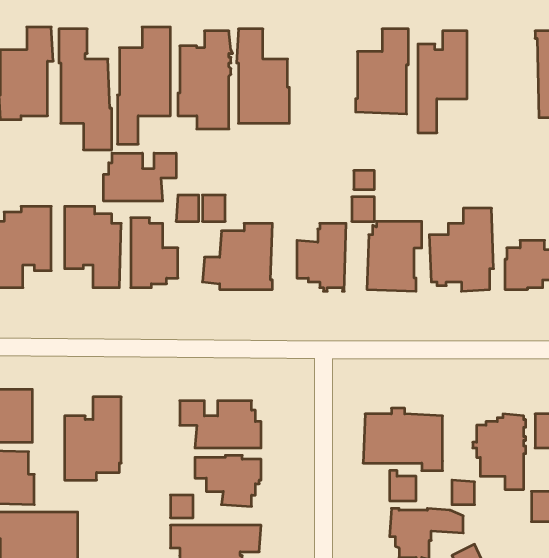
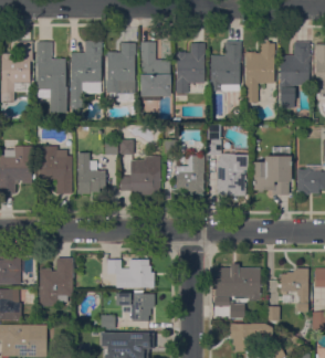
building: none -> [280,42,310,108]
building: none -> [175,43,205,93]
building: [104,153,176,201] -> none

